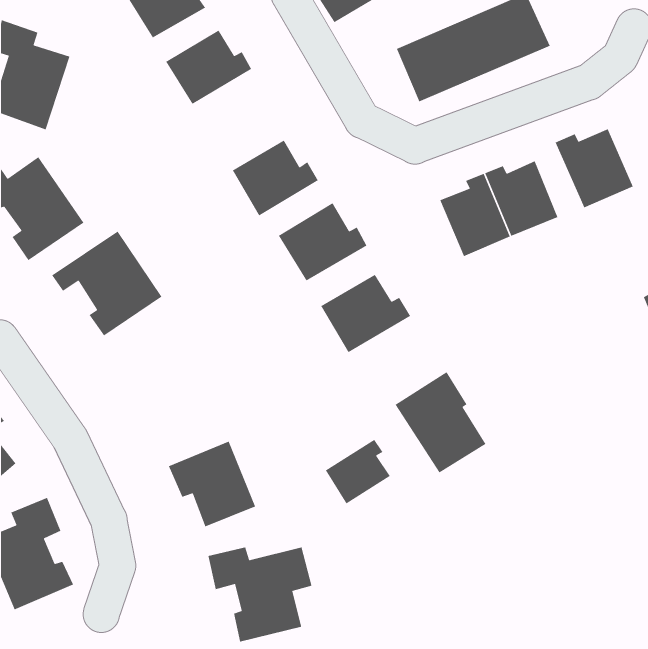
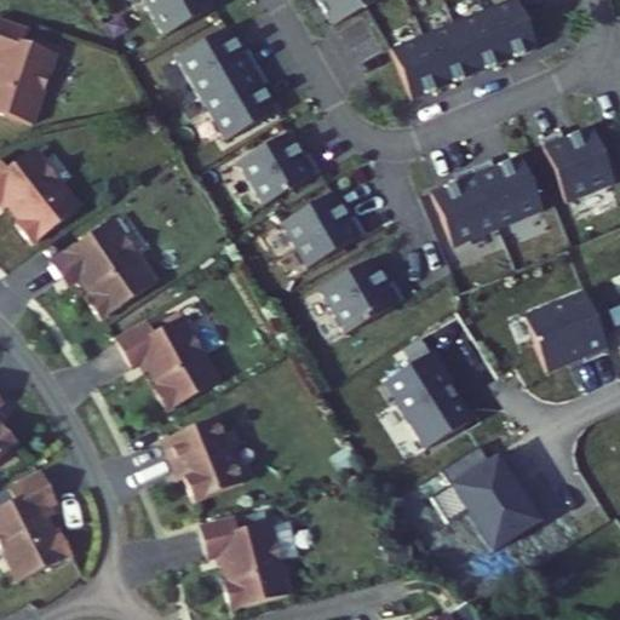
building: none -> [188,65,263,140]
building: none -> [526,288,614,371]
building: none -> [119,316,225,413]
building: [325,439,391,504] -> none
building: none -> [434,452,544,555]

